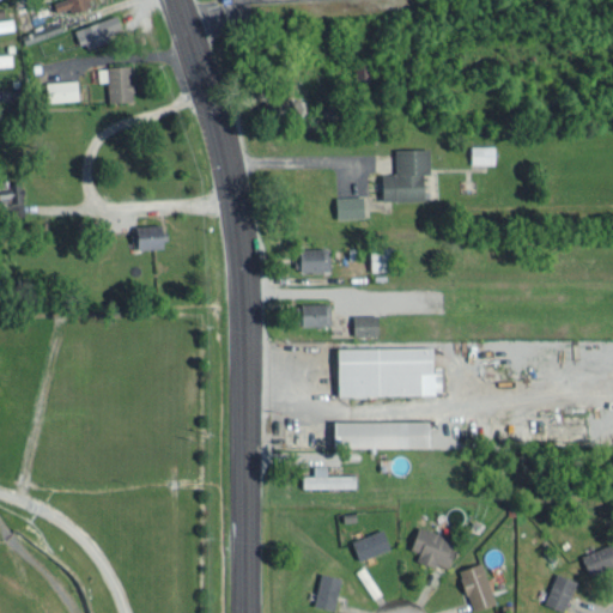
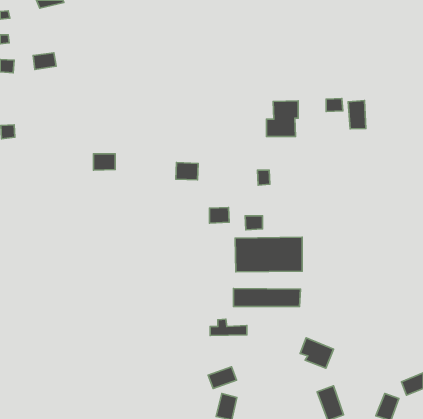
building: [77,17,126,53] -> none
building: [99,68,134,103] -> none
building: none -> [348,100,366,129]
building: [334,198,365,221] -> none
building: [298,249,330,274] -> [176,163,198,180]
building: [411,528,459,572] -> [300,338,333,368]
building: [351,532,392,563] -> [208,367,236,388]

